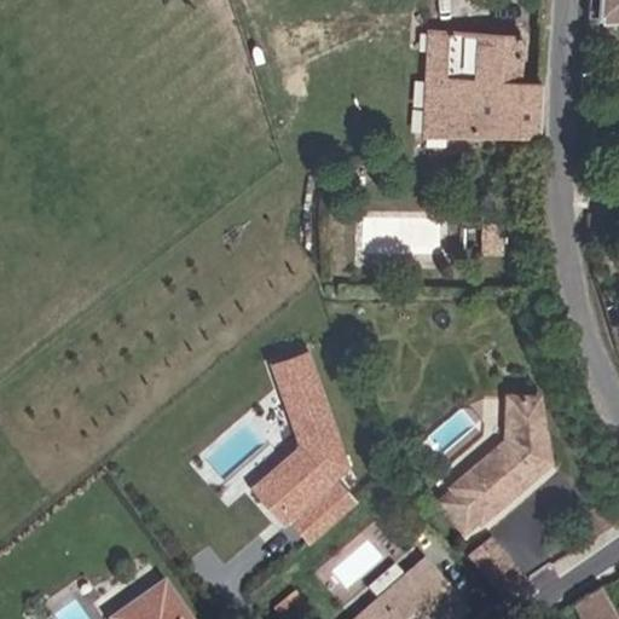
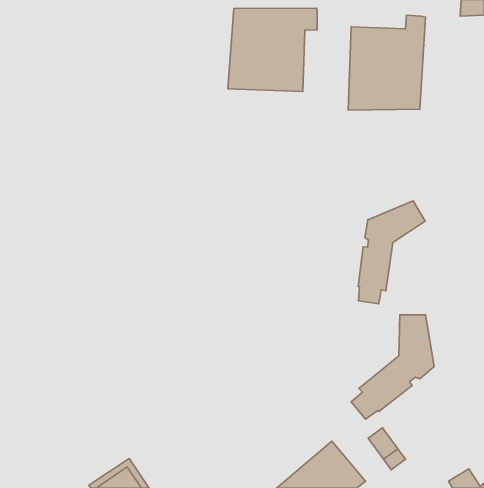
building: none -> [228,8,317,92]
building: none -> [358,201,425,304]
building: [258,355,354,542] -> none

